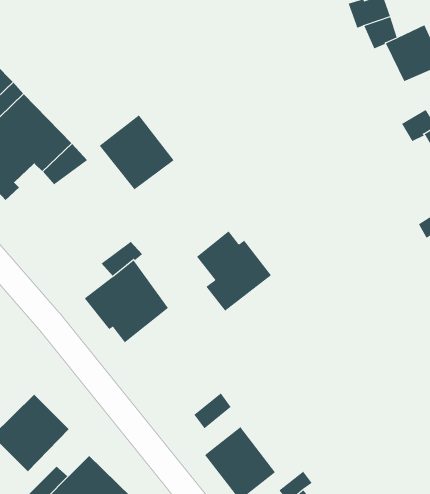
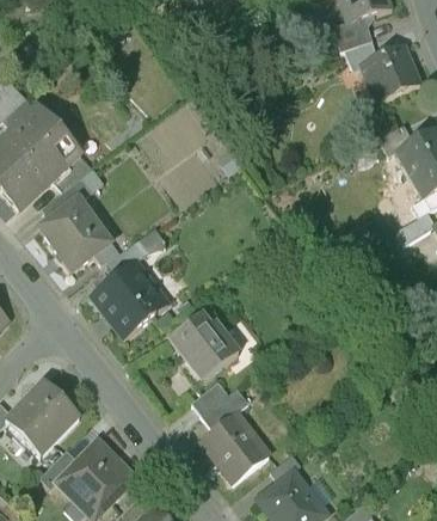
building: [99,115,175,190] -> [41,202,110,271]
building: [196,231,272,312] -> [170,315,239,390]
building: none -> [201,388,248,430]

